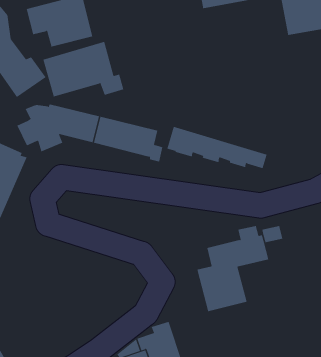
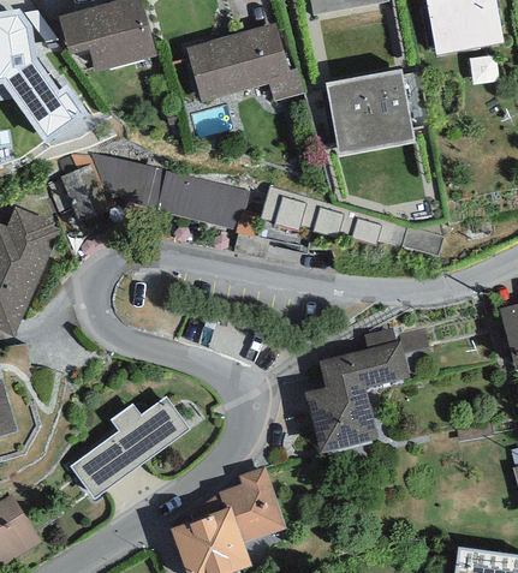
building: [42,41,124,97] -> [185,22,303,102]
building: none -> [325,68,422,155]
building: none -> [70,396,190,499]

